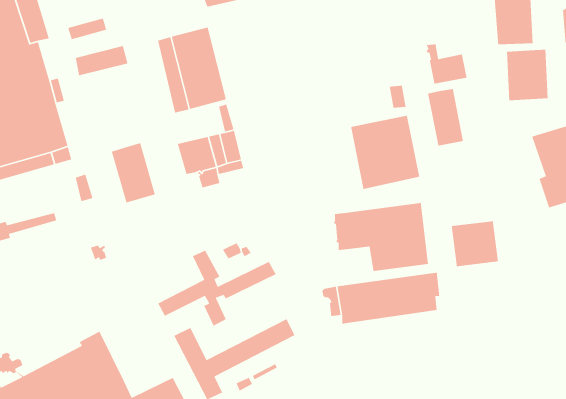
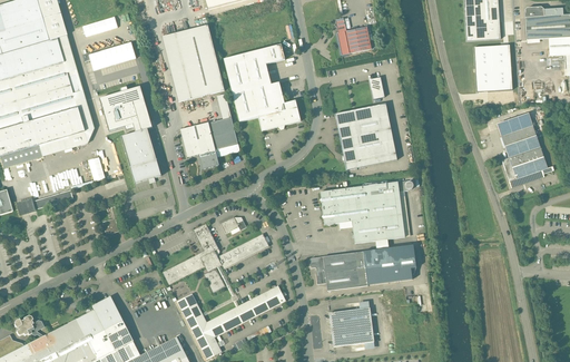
building: [425,43,467,85] -> [334,18,372,55]
building: none -> [225,43,306,131]
building: [427,88,464,146] -> none
building: none -> [98,87,150,133]
building: [451,220,499,267] -> none
building: none -> [330,300,375,349]

